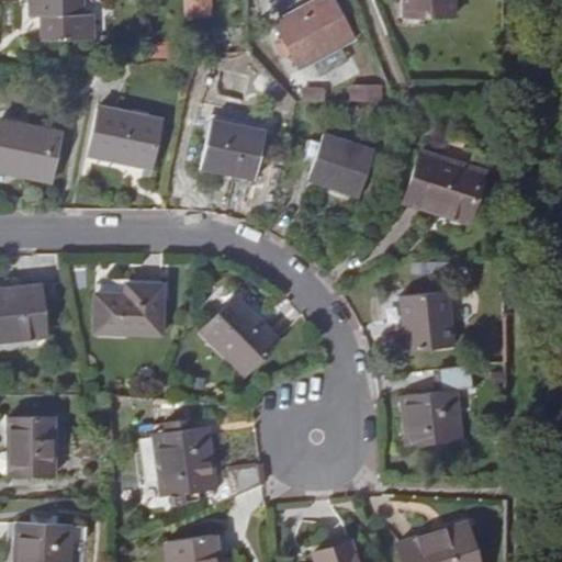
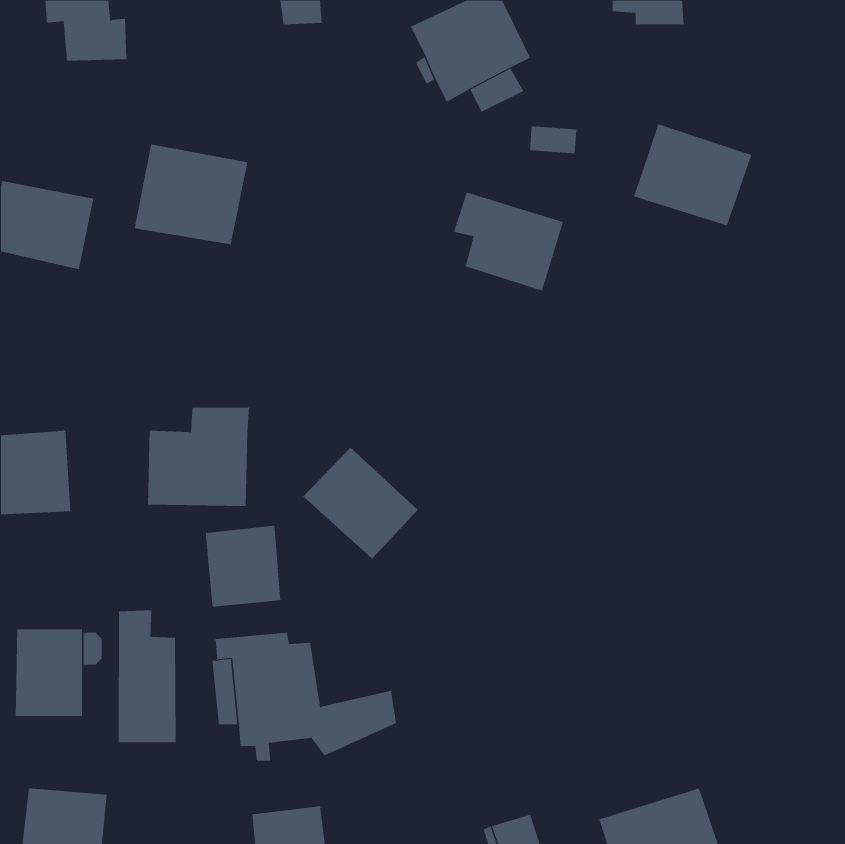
building: [202,119,266,178] -> none
building: [405,149,484,217] -> [633,124,752,226]
building: [404,290,456,349] -> none
building: none -> [205,525,281,607]
building: [405,363,473,447] -> none
building: none -> [118,610,176,743]

